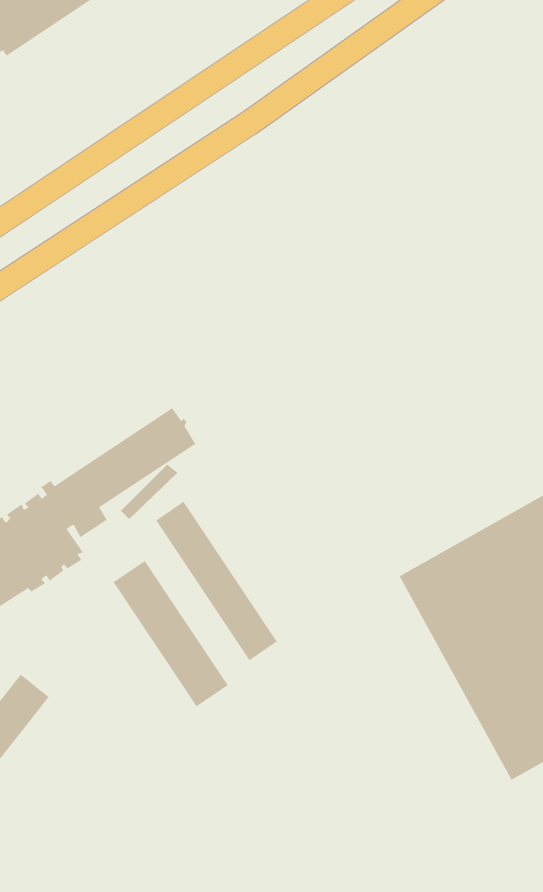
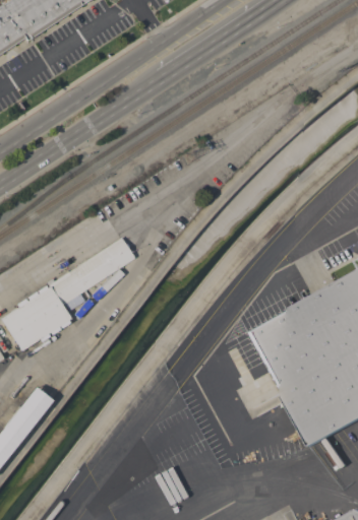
building: [155,501,278,661] -> none
building: [113,560,228,707] -> none

